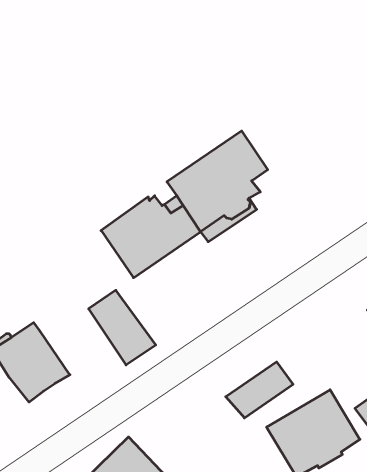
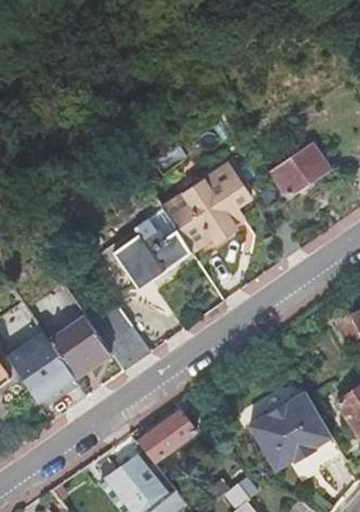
building: none -> [273,143,330,194]
building: none -> [50,315,126,378]
building: [226,362,293,418] -> [139,410,198,459]

